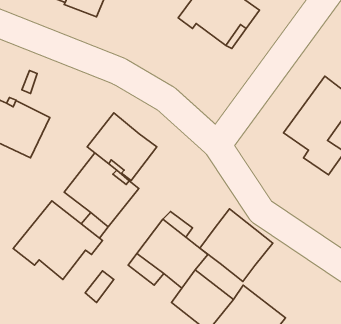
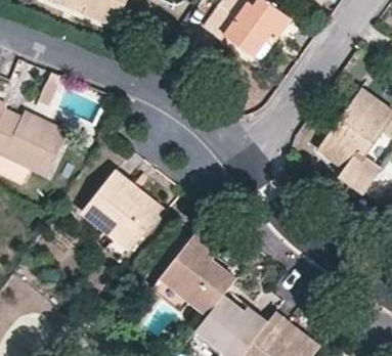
building: [87,113,157,181] -> none
building: [13,201,102,280] -> none
building: [200,209,273,282] -> none

